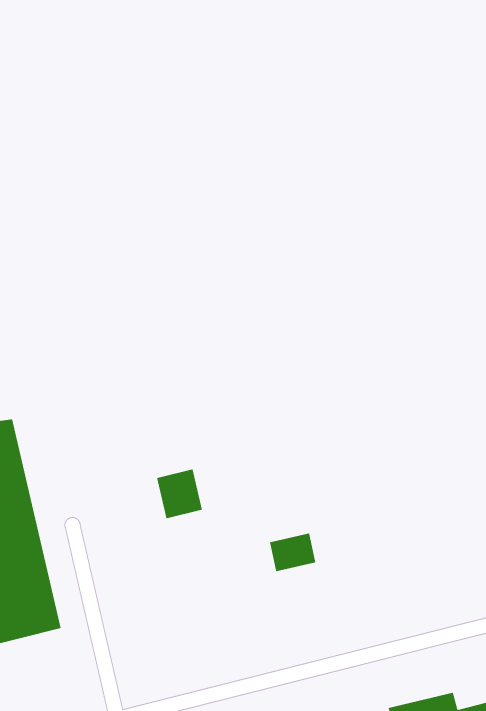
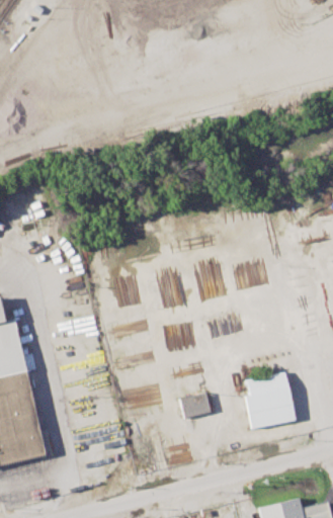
building: [156,468,202,519] -> none
building: none -> [245,373,295,428]

